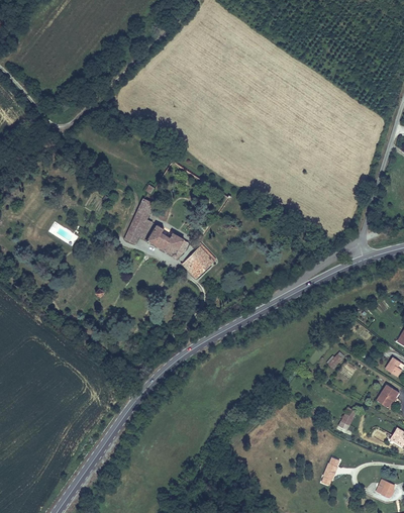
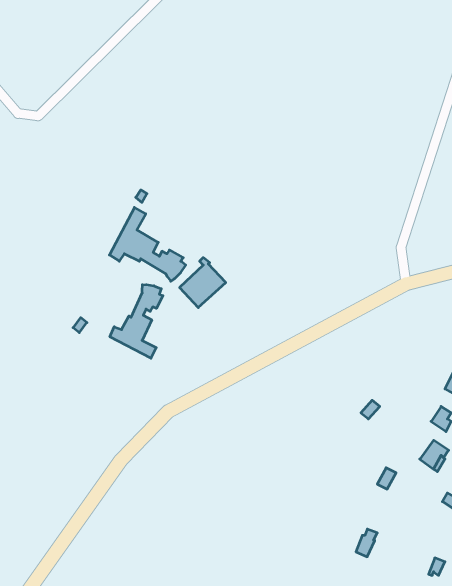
building: none -> [110,285,163,358]

